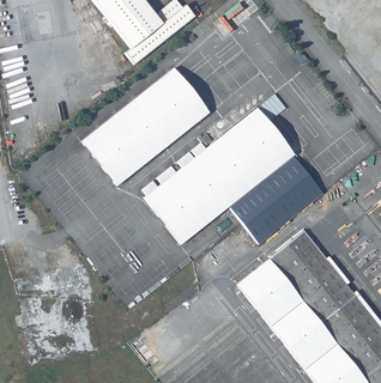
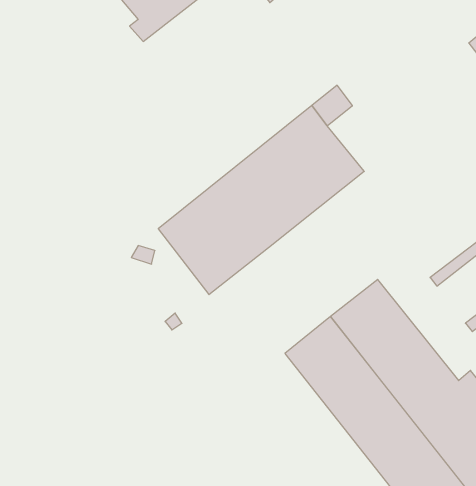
building: [85,67,212,183] -> none
building: [229,156,322,243] -> none

